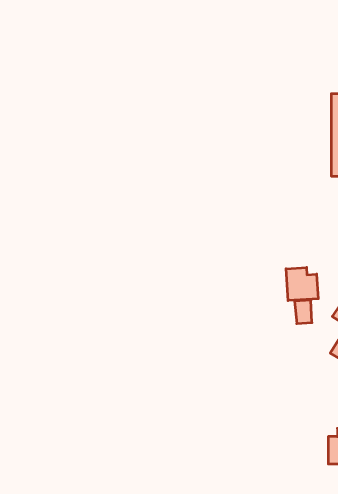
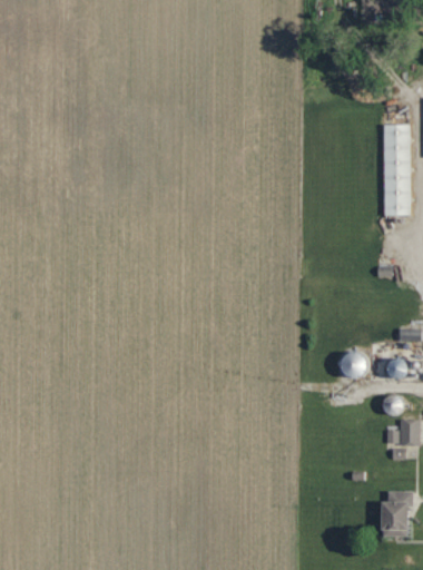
building: [286,267,318,301] -> none

